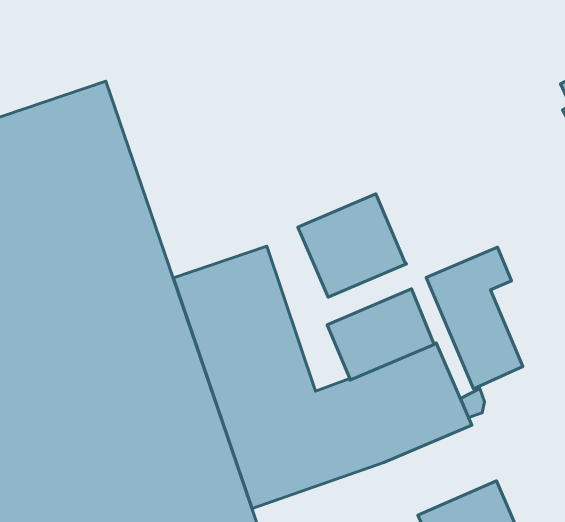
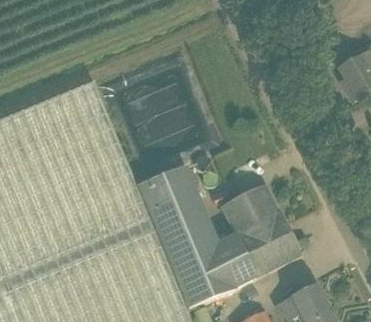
building: [298,194,406,297] -> none
building: [426,247,523,389] -> none

